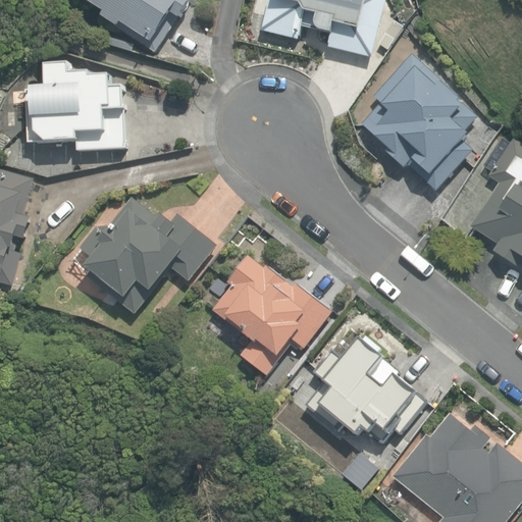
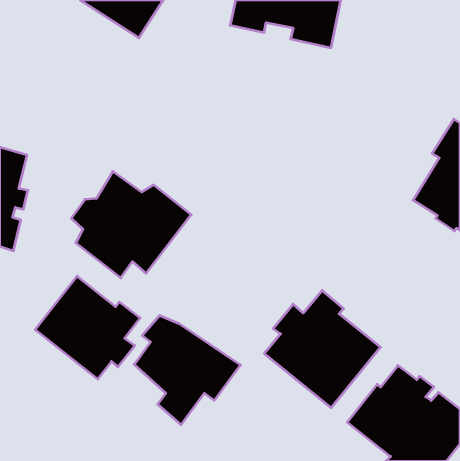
building: [359,50,480,188] -> none
building: [29,60,128,148] -> none
building: [213,256,333,379] -> [134,316,241,425]
building: none -> [35,276,140,379]

